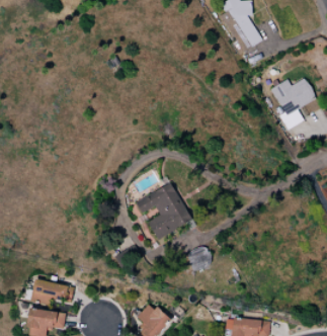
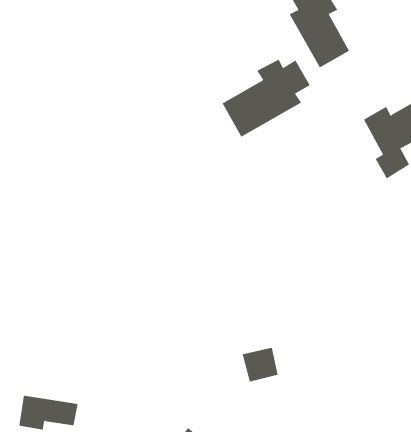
building: none -> [222,59,310,137]
building: [136,183,192,239] -> none

